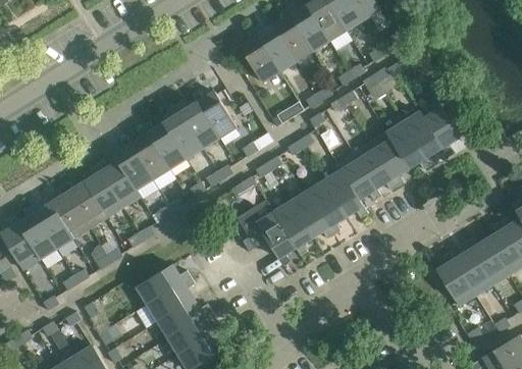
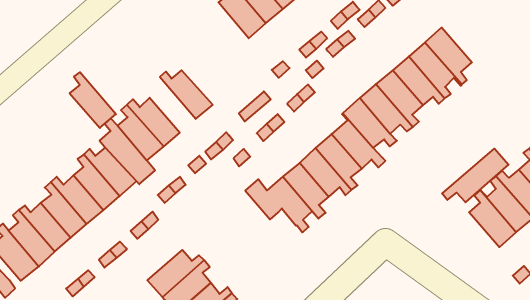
building: [192,92,237,139] -> none
building: [163,106,202,159] -> [70,72,116,128]
building: none -> [442,149,509,202]

